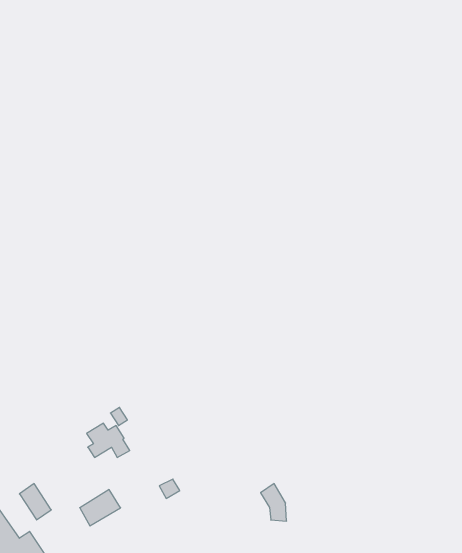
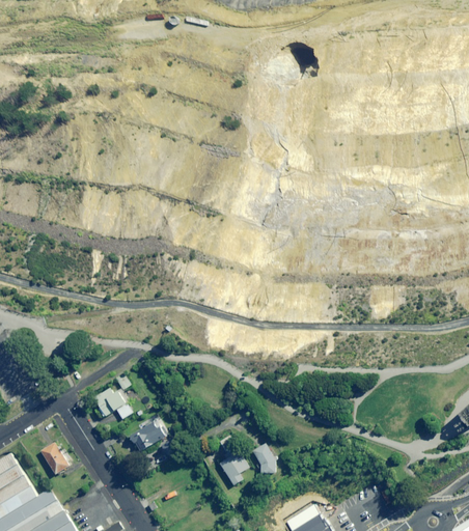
building: none -> [222,443,251,485]
building: [80,490,121,526] -> [132,419,169,452]

